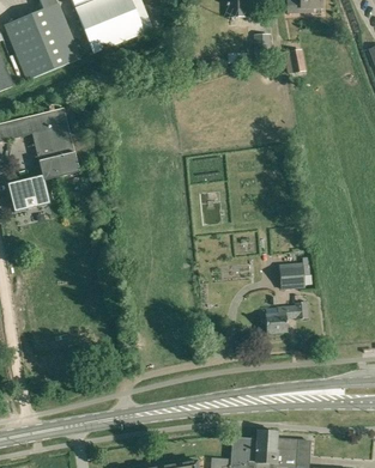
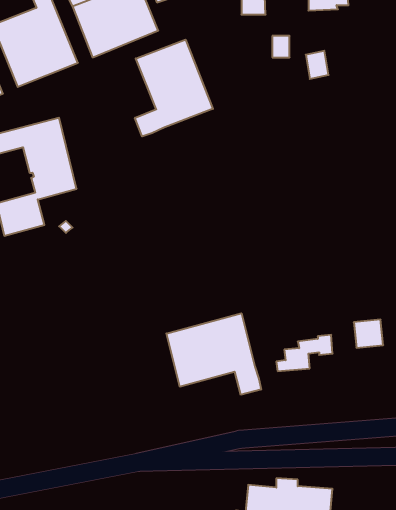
building: none -> [135,40,213,136]
building: [278,262,304,287] -> [354,320,383,348]
building: none -> [166,313,261,395]

